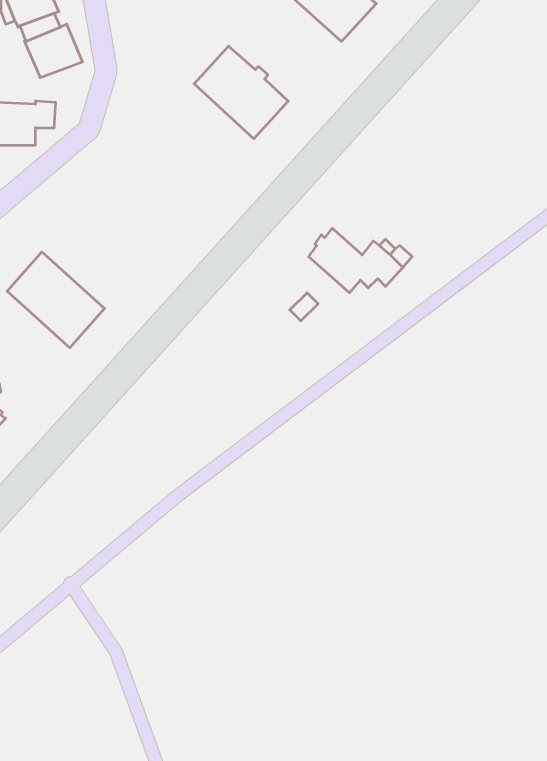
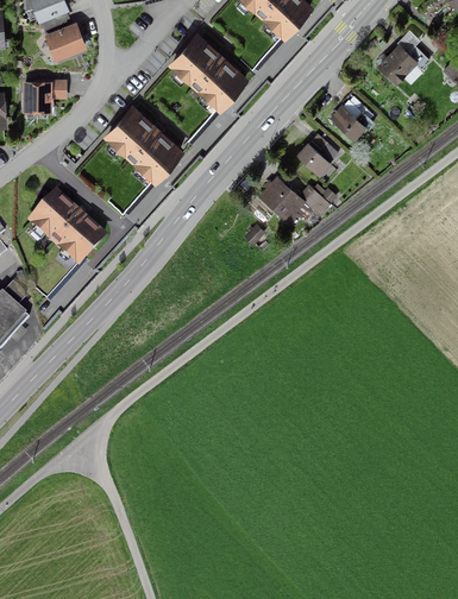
building: none -> [376,31,429,87]
building: none -> [328,99,374,141]
building: none -> [106,107,181,181]
building: none -> [295,134,338,176]

